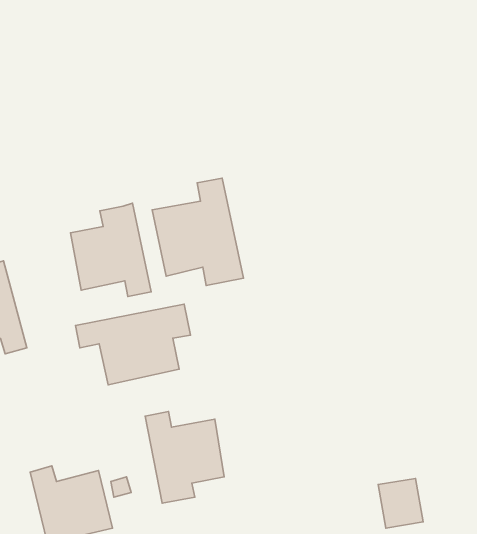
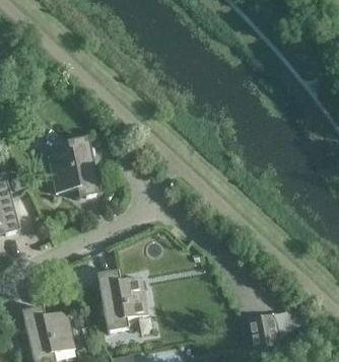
building: [152,178,243,285] -> none
building: [76,304,190,385] -> none

